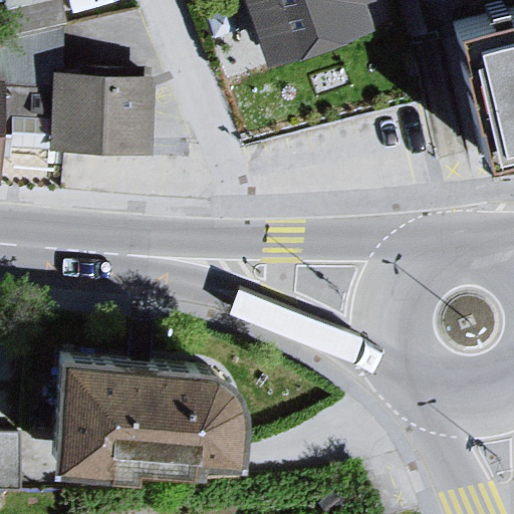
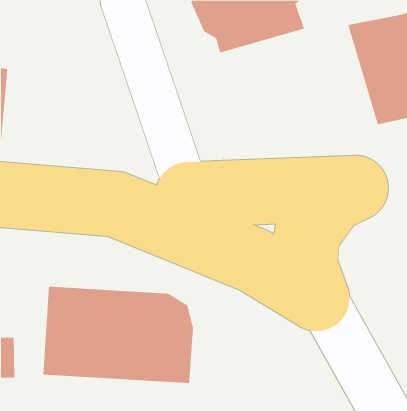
building: [55,74,152,153] -> none

